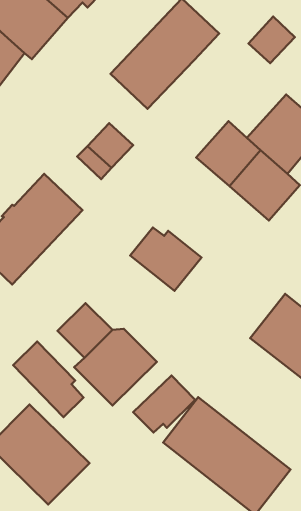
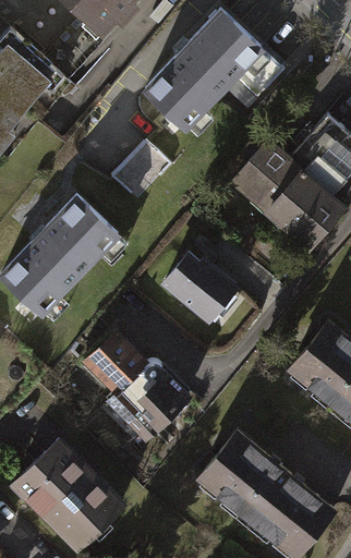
building: [248,17,295,63] -> [231,49,280,98]
building: [13,342,84,417] -> none
building: [133,376,195,433] -> none

